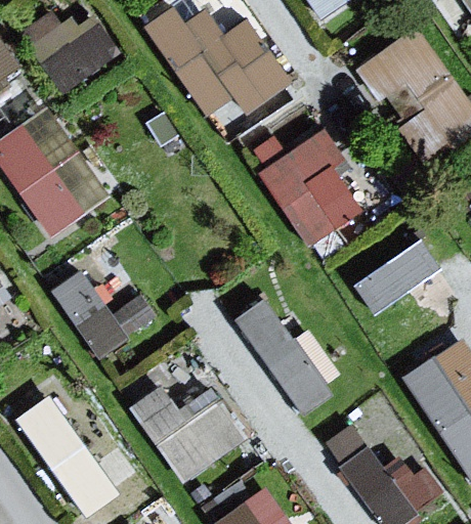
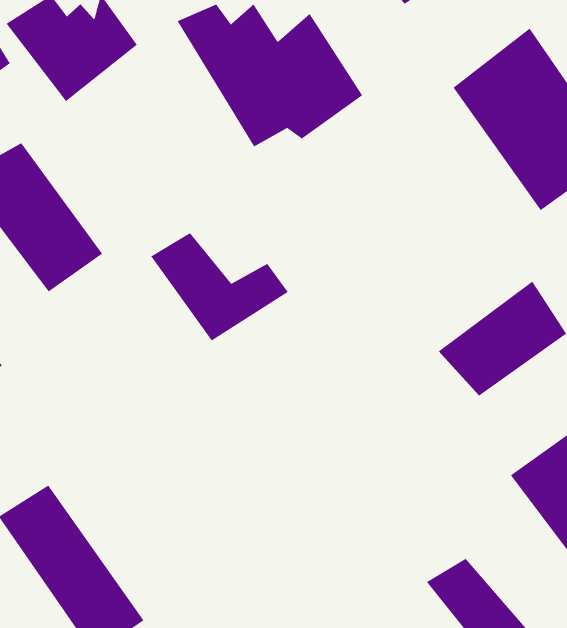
building: [259,128,342,245] -> none
building: [51,268,158,352] -> [150,232,289,341]
building: [241,306,337,418] -> none
building: [130,383,247,478] -> none

